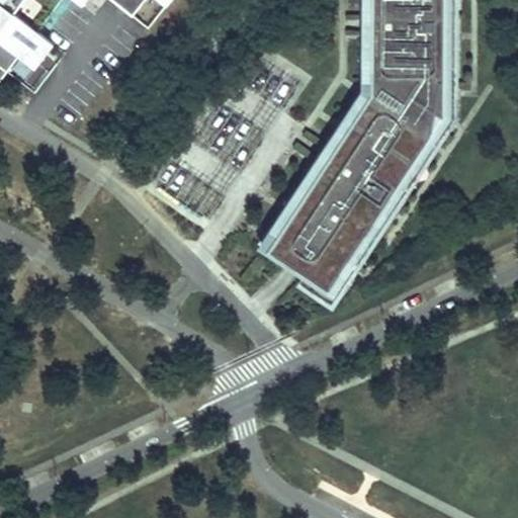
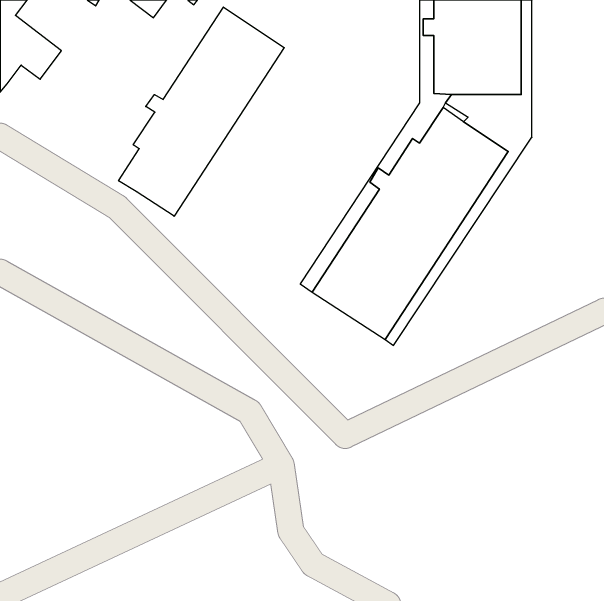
building: none -> [119,7,284,216]

